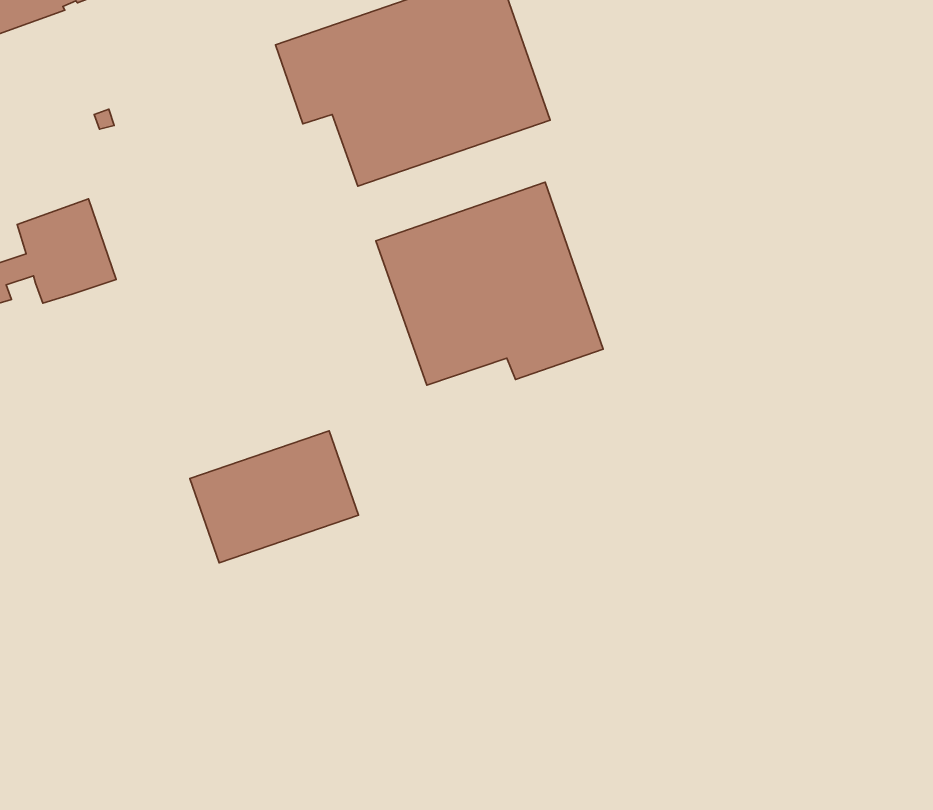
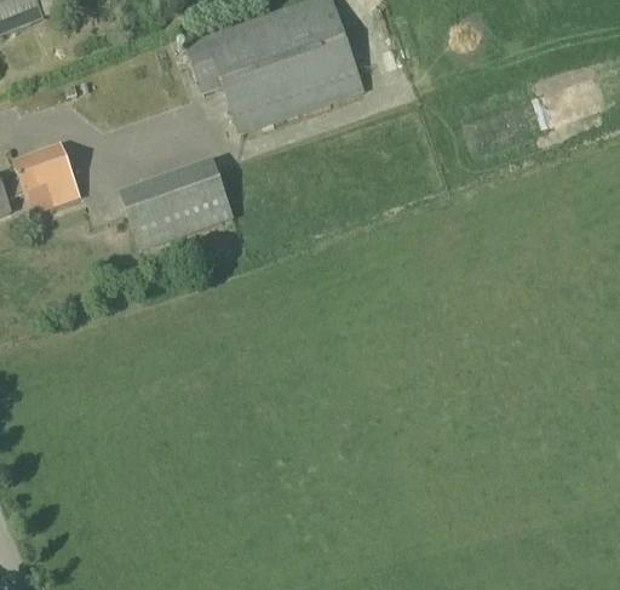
building: [376,182,603,385] -> none
building: [190,431,358,563] -> [120,164,231,251]

